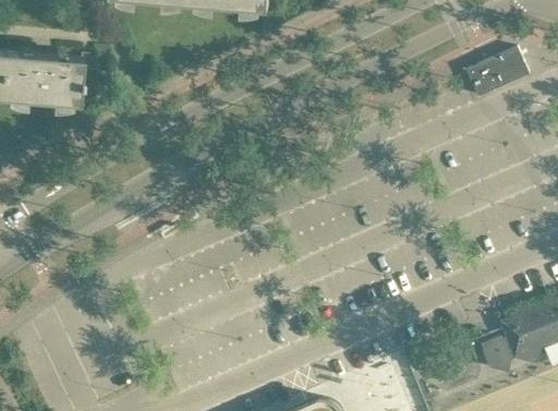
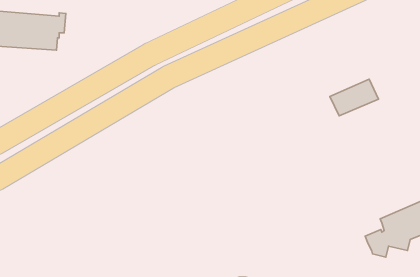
building: [463,52,526,100] -> [330,79,378,116]

